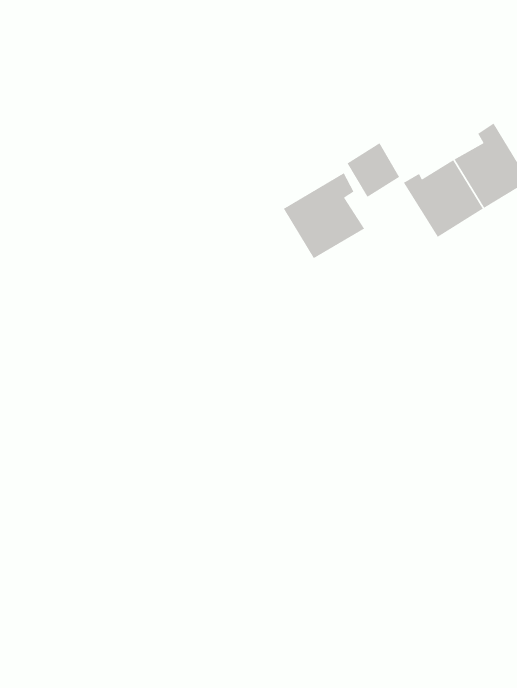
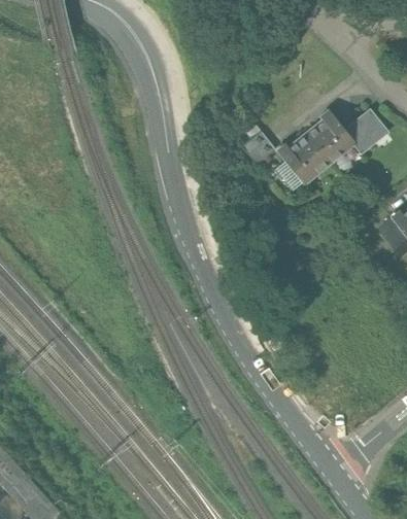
building: [283,172,365,259] -> none

